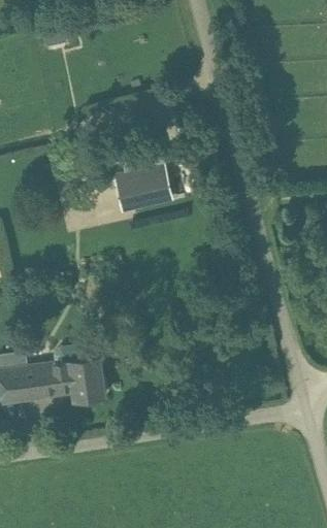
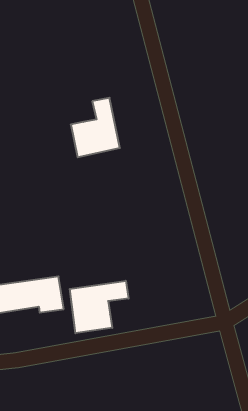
building: none -> [70,281,129,333]

